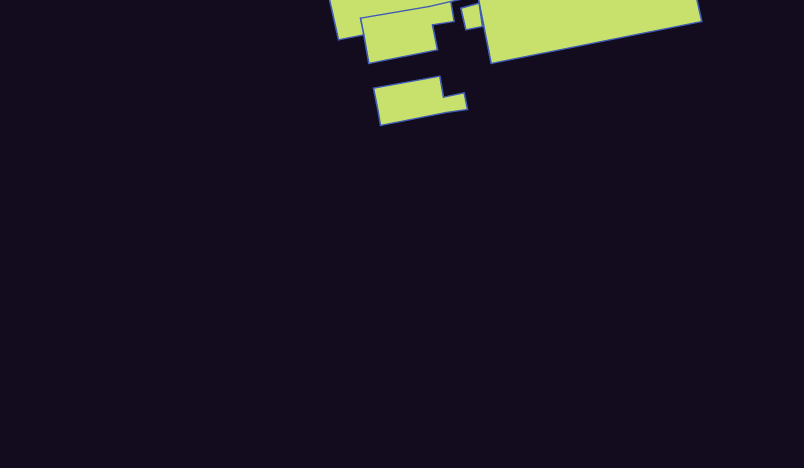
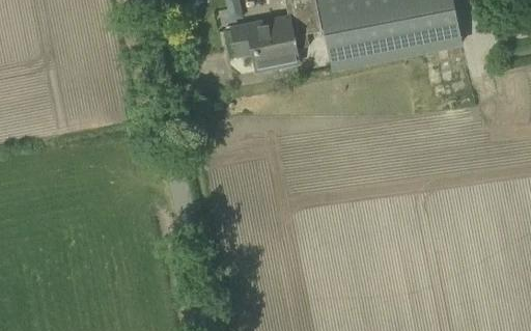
building: [374,76,468,125] -> none

